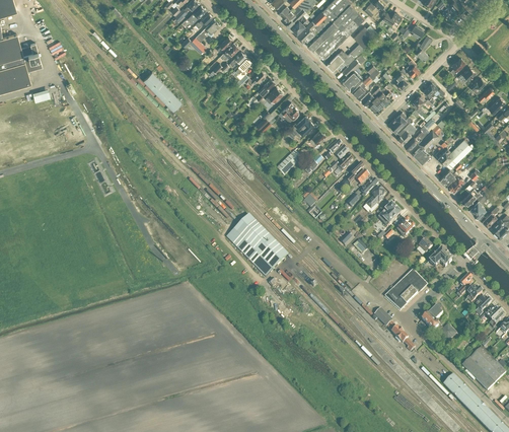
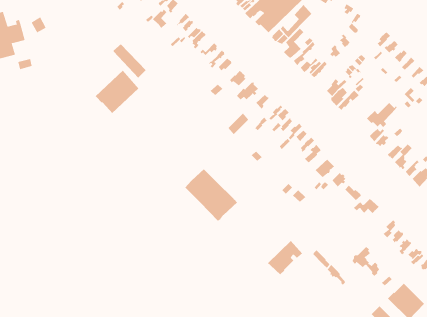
building: none -> [95,70,139,114]
building: [413,124,440,161] -> none
building: [385,270,427,310] -> [267,240,303,275]

